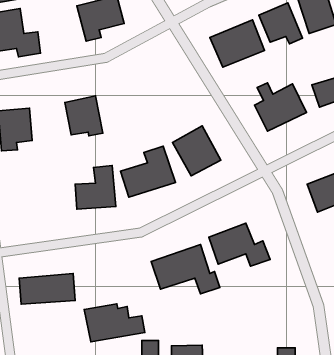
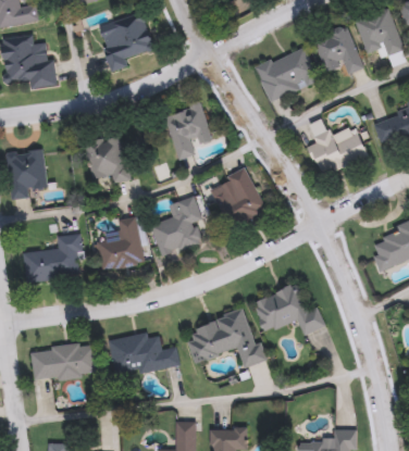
building: none -> [162,103,212,160]
building: none -> [23,234,83,283]
building: [84,304,145,342] -> [109,333,179,377]

